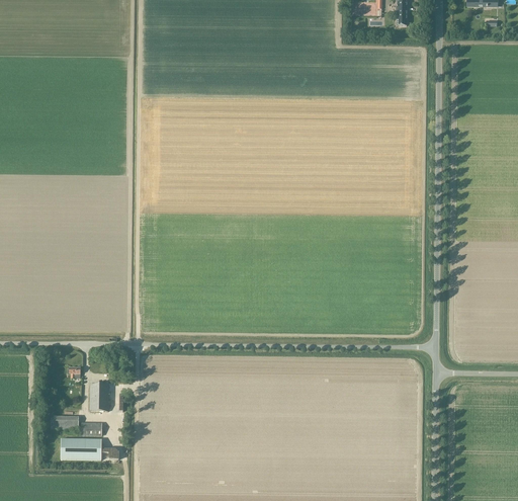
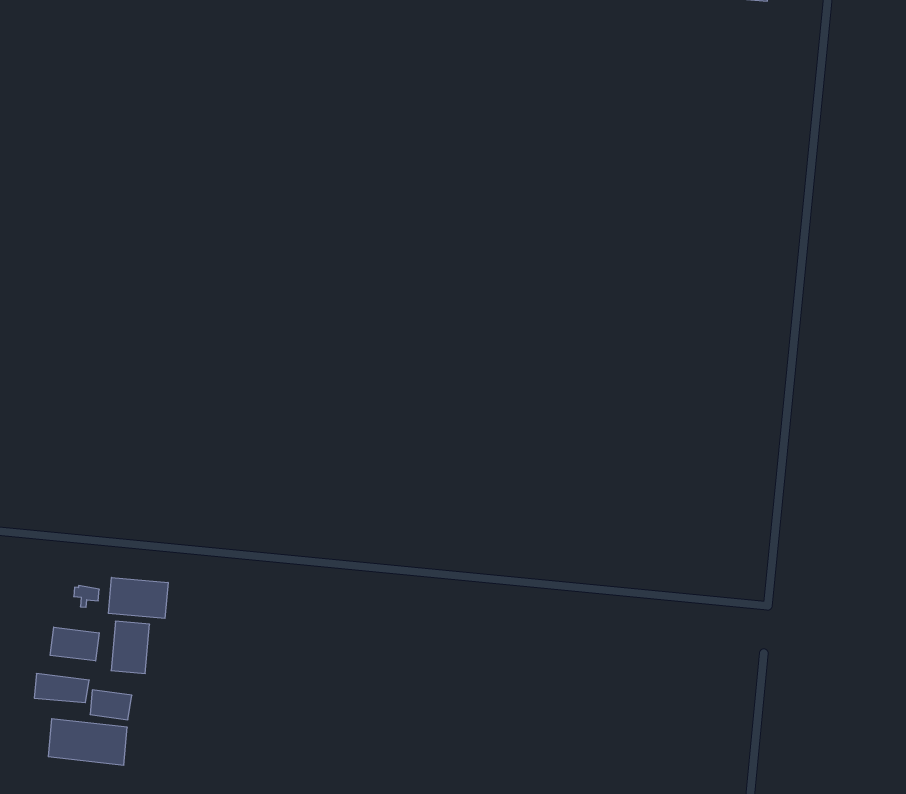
building: none -> [108,577,168,618]
building: none -> [50,627,99,661]

